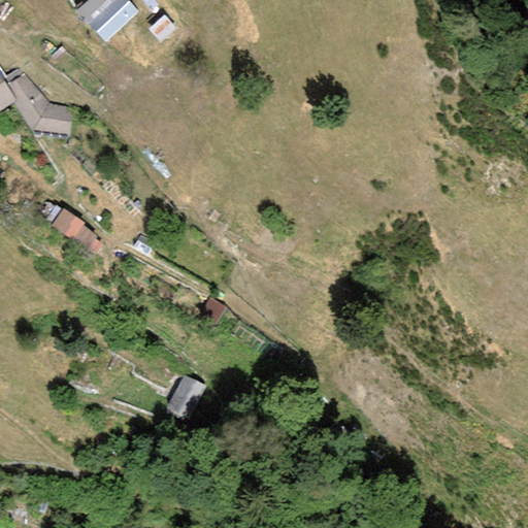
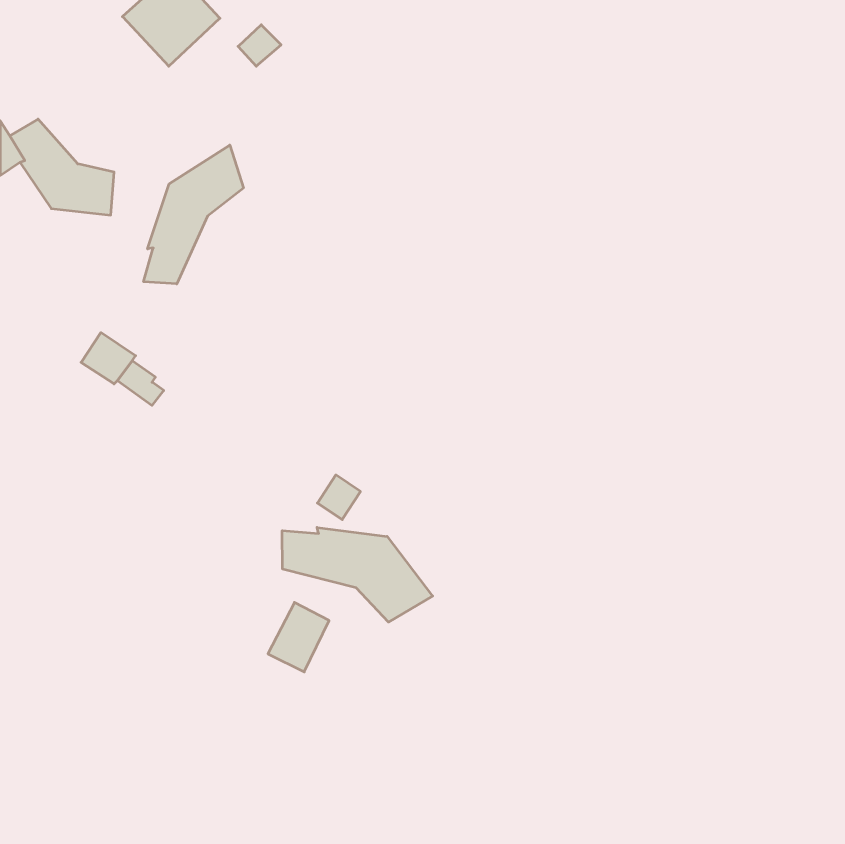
building: none -> [144,145,243,284]
building: none -> [282,527,433,622]

